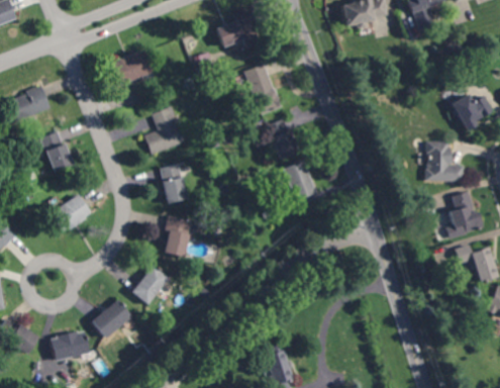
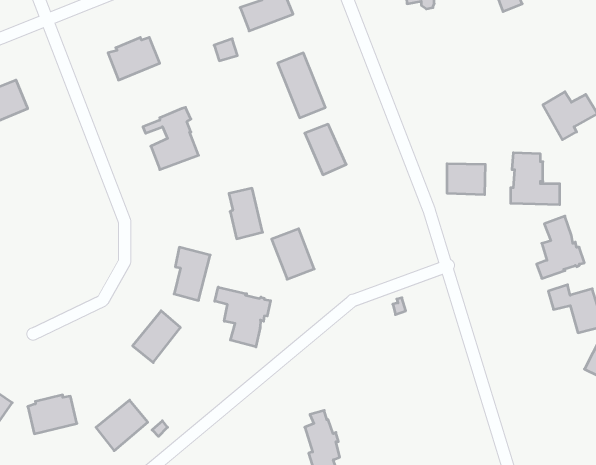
building: [39,131,71,172] -> none
building: none -> [447,164,485,195]
building: [283,161,316,200] -> [272,229,314,279]
building: [161,164,187,203] -> [229,188,263,239]
building: [48,194,90,232] -> none
building: none -> [215,287,271,347]
building: [91,299,131,338] -> [96,400,148,451]

